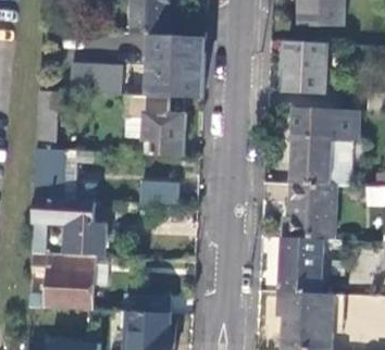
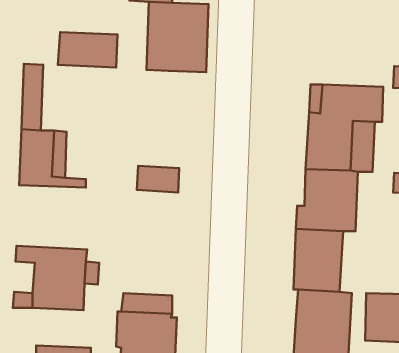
building: [290,41,334,93] -> none
building: [123,93,185,155] -> none
building: [32,198,105,255] -> none

